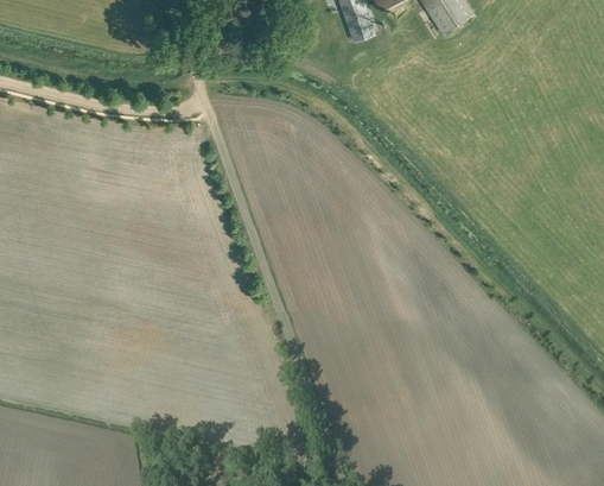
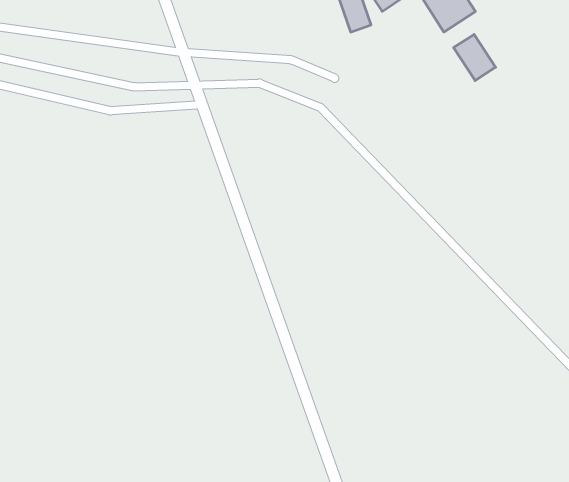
building: none -> [454,34,496,81]

